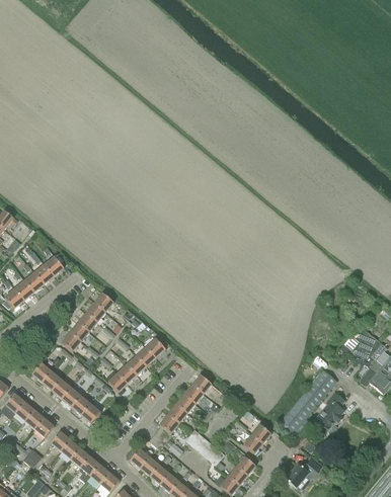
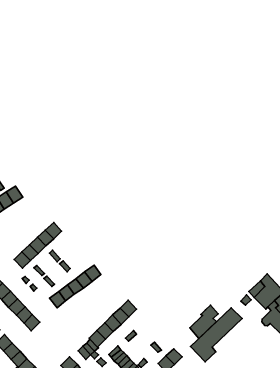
building: [314,391,345,431] -> [190,305,218,338]

